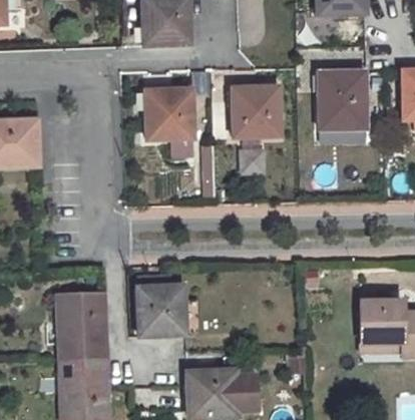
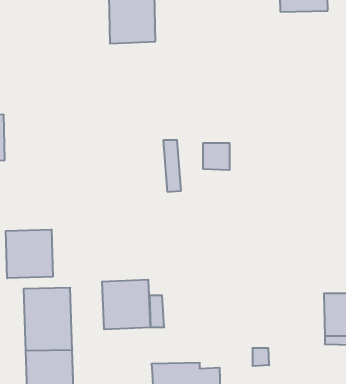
building: [318,70,366,128] -> none
building: [232,86,279,136] -> none
building: [144,89,192,138] -> none
building: none -> [6,229,53,278]

